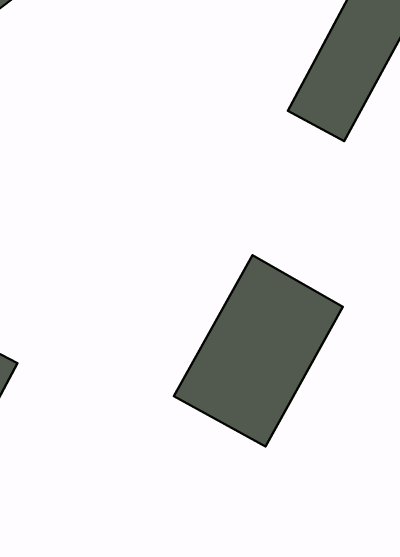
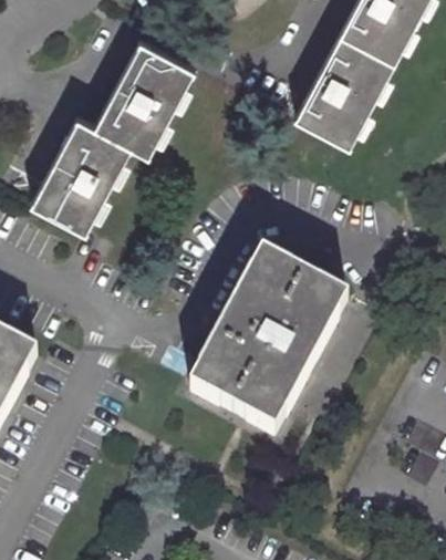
building: none -> [37,32,203,227]

